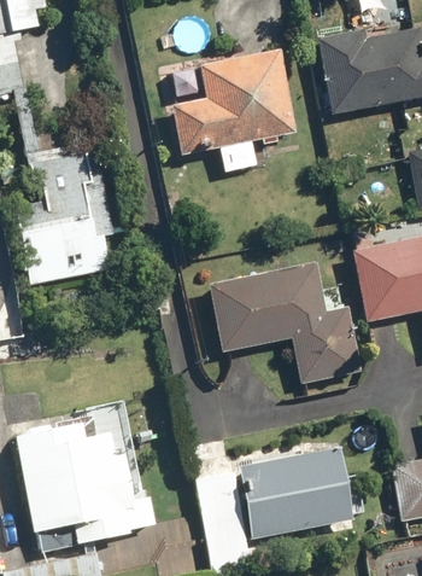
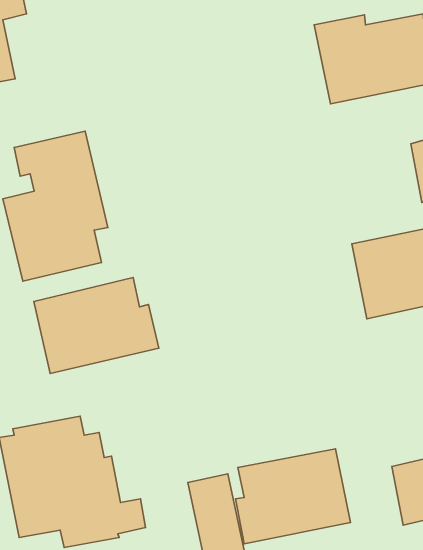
building: [174,50,297,155] -> none
building: [209,262,362,384] -> none
building: none -> [34,278,159,374]

